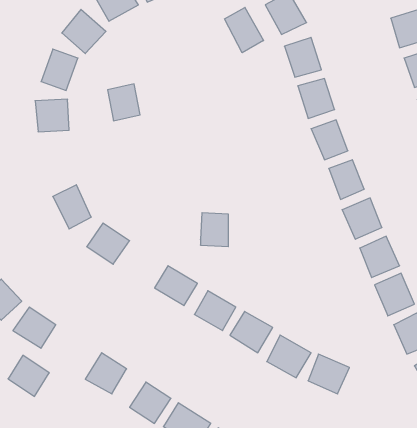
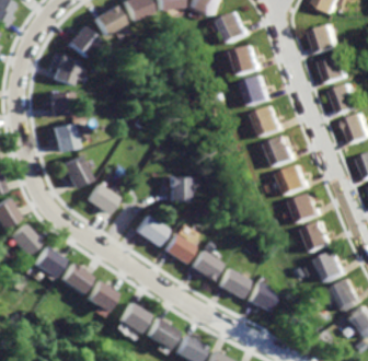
building: [225,7,264,53] -> none
building: [108,84,140,121] -> [53,124,77,151]
building: [8,355,49,396] -> [60,263,91,293]

